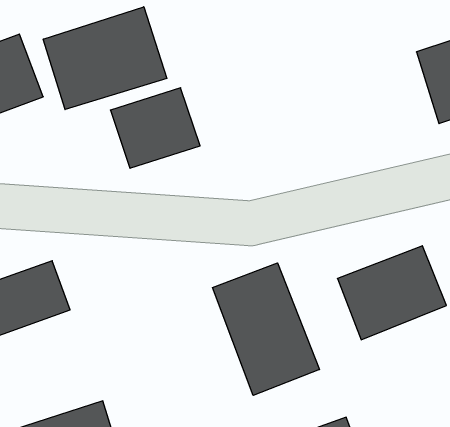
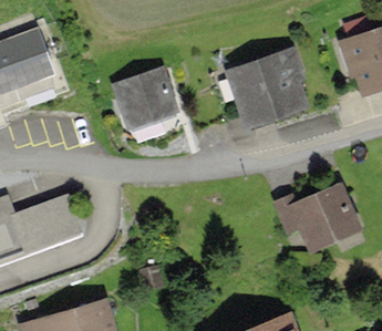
building: [43,7,167,110] -> none
building: none -> [224,45,312,128]
building: [212,263,319,395] -> none

